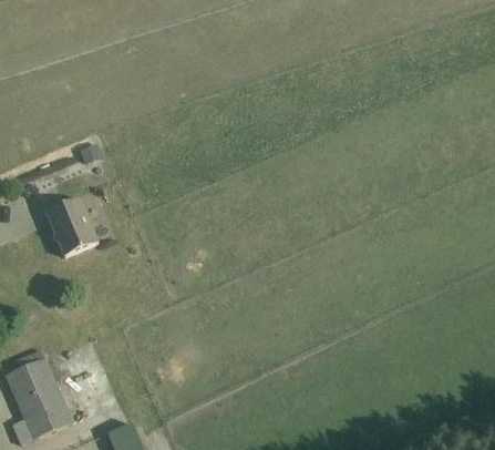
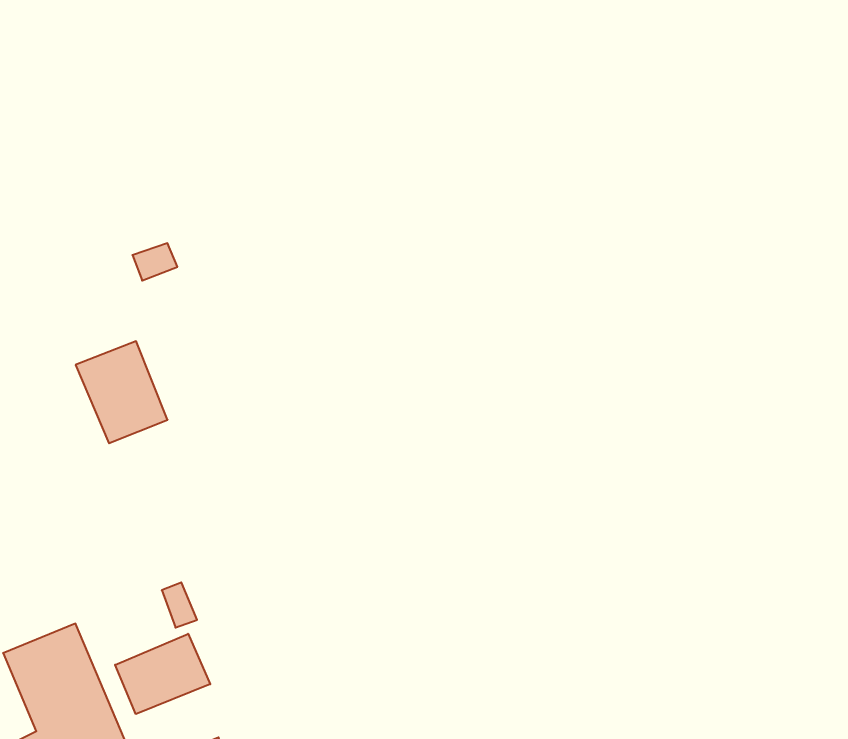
building: none -> [115,634,210,714]

